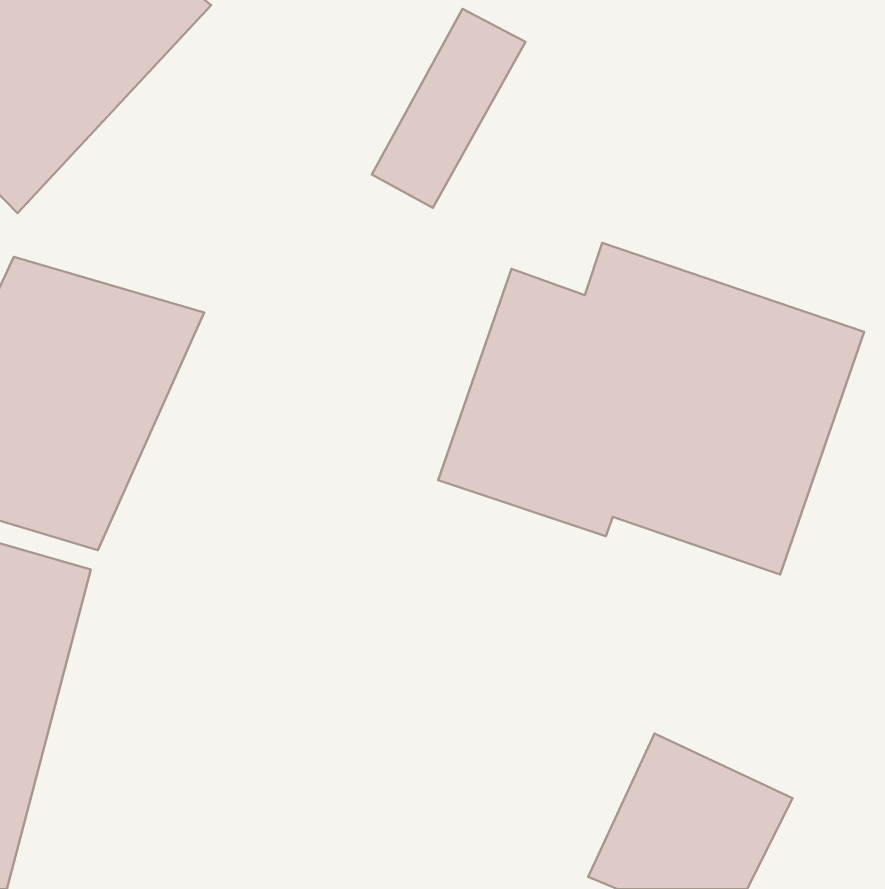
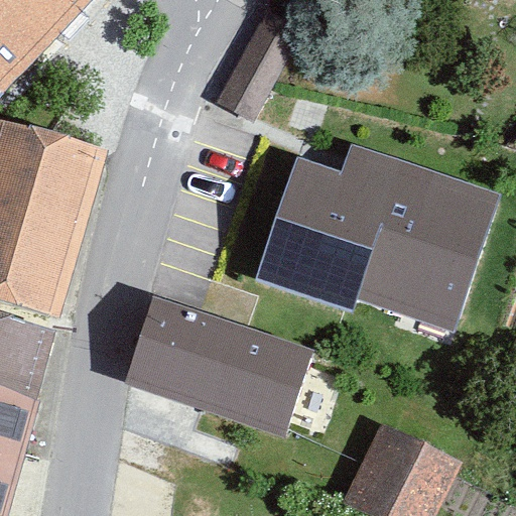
building: none -> [122,297,311,435]

